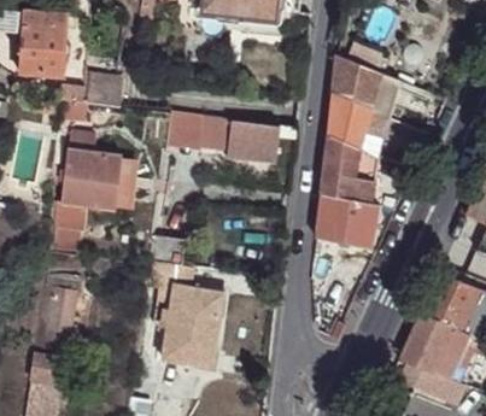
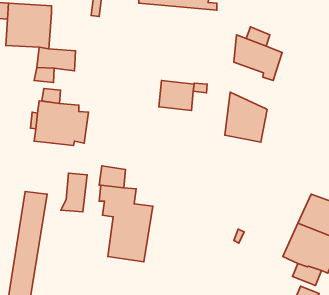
building: [327,94,386,158] -> none
building: [166,112,228,150] -> none
building: [315,194,377,248] -> none
building: [47,203,83,256] -> [61,173,87,212]

